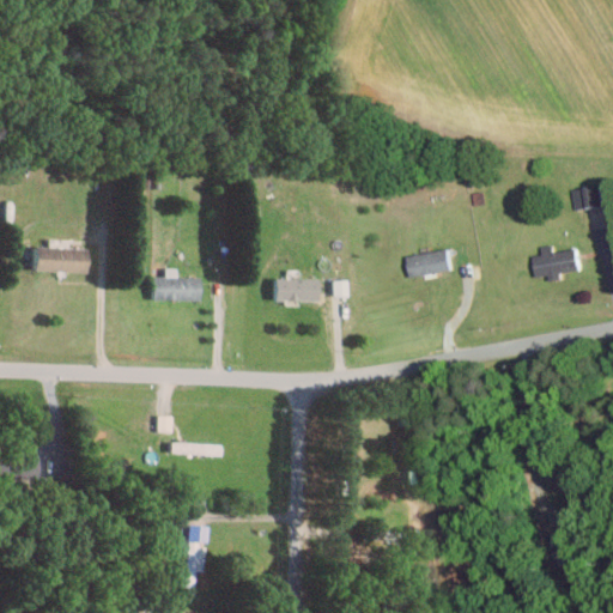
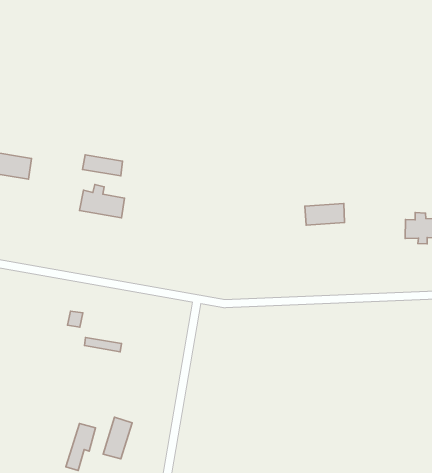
building: none -> [82,155,122,176]
building: [274,278,321,302] -> none
building: none -> [103,417,132,459]

